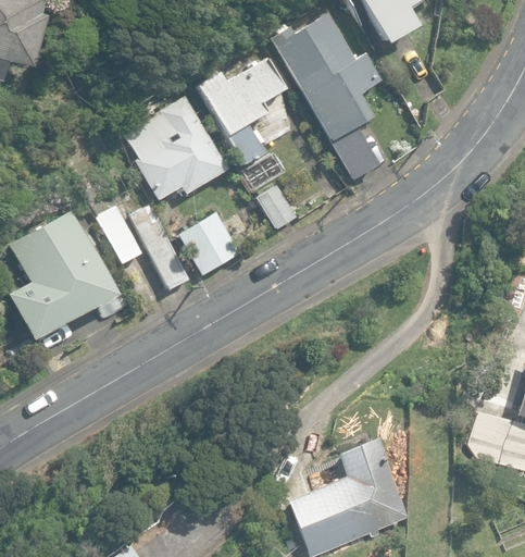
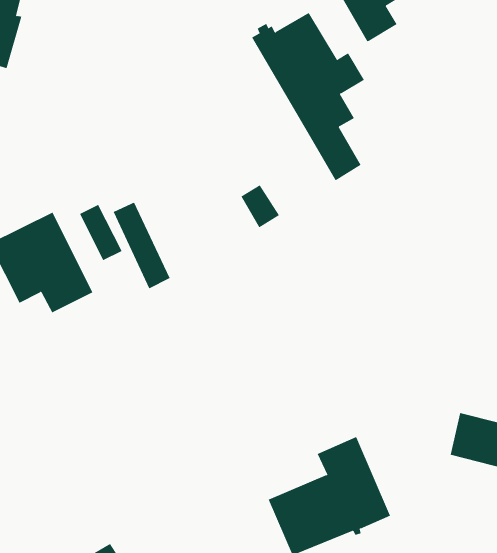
building: [198,58,287,165] -> none
building: [126,96,229,200] -> none
building: [180,212,241,275] -> none

